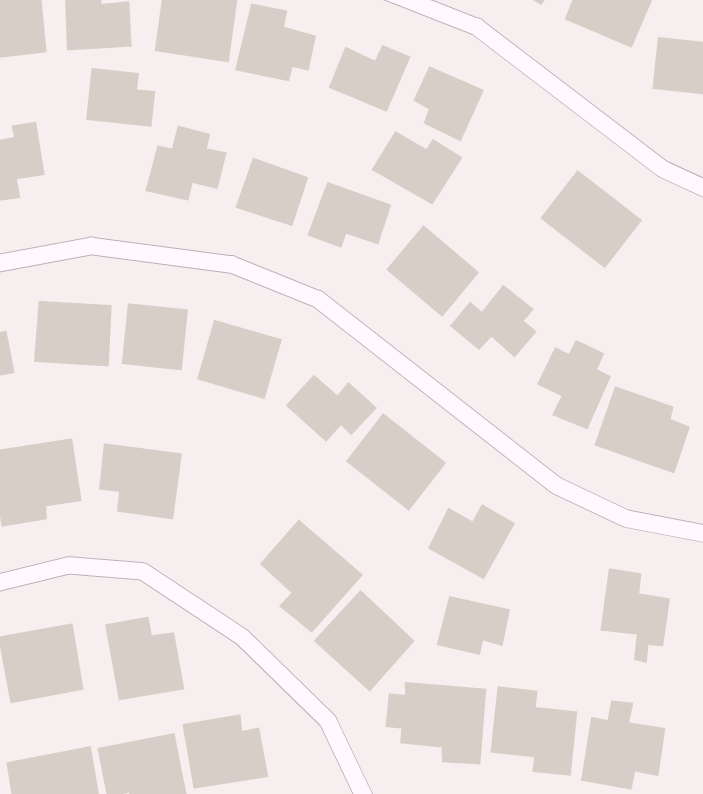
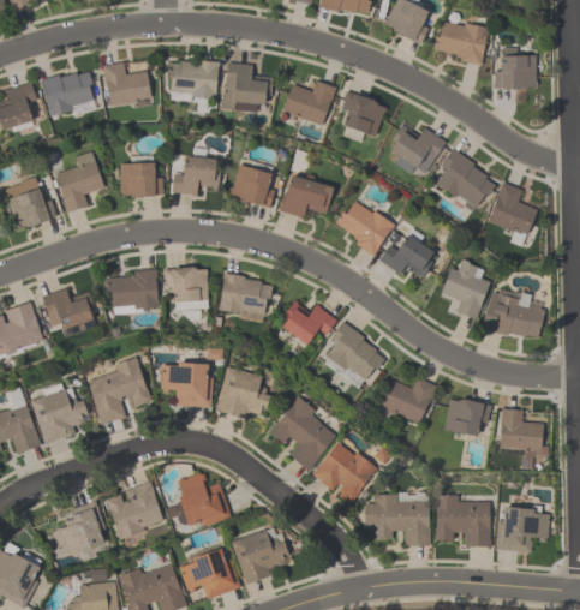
building: [85,68,156,127] -> [119,162,163,197]
building: [371,130,463,206] -> [385,126,446,173]
building: none -> [486,181,536,237]
building: none -> [216,367,275,421]
building: [436,595,511,656] -> [443,397,490,435]

